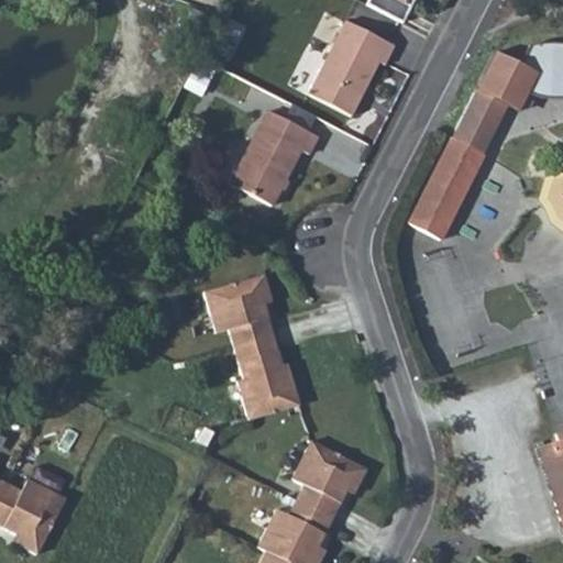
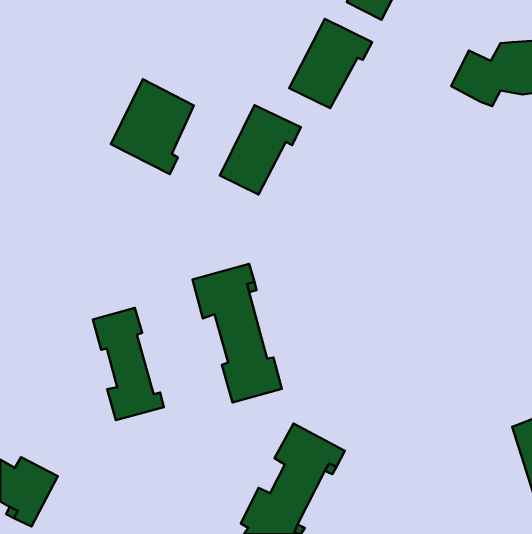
building: none -> [111,79,194,174]
building: [412,90,508,231] -> none
building: none -> [93,308,164,420]

